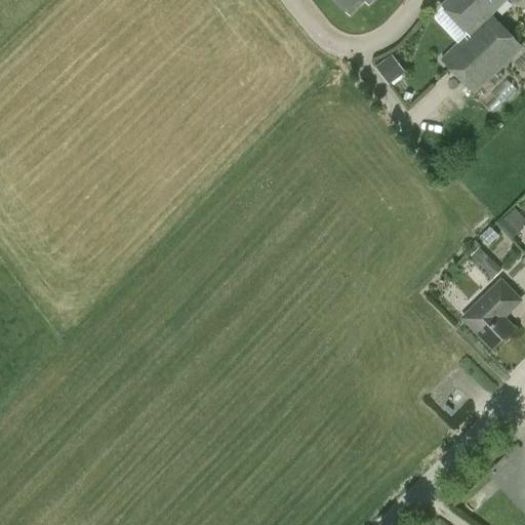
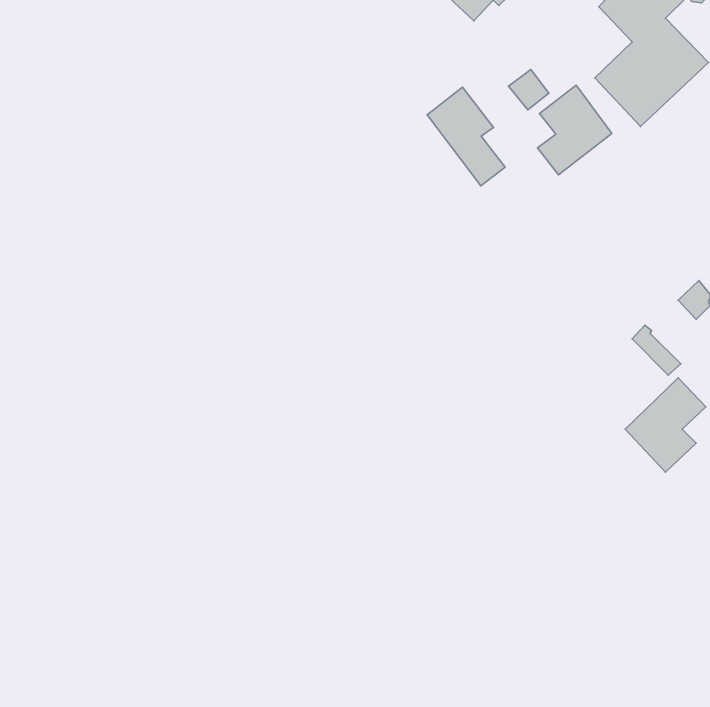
building: none -> [538,85,612,175]
building: none -> [427,87,505,186]

